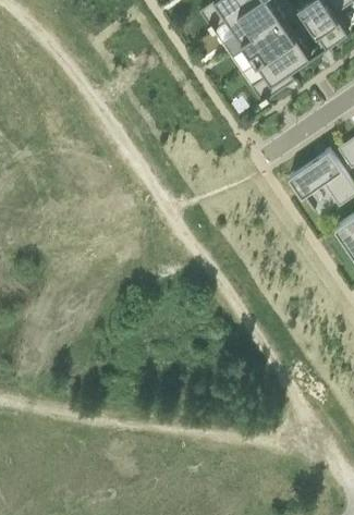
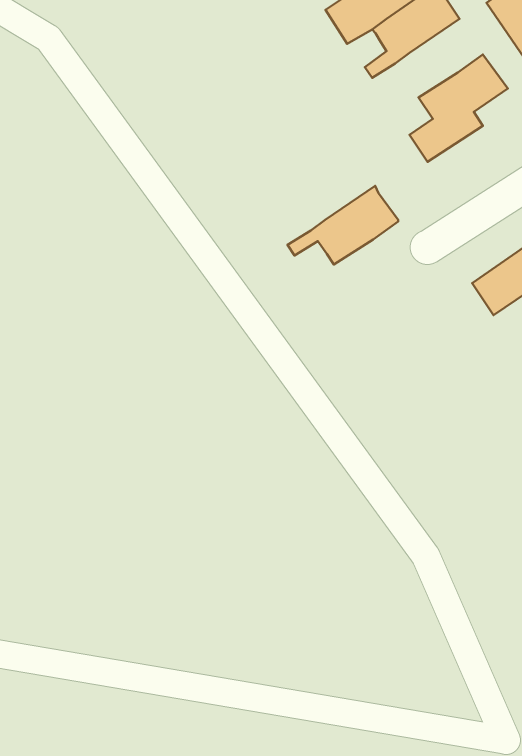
building: [229,14,296,62] -> [287,186,398,264]

